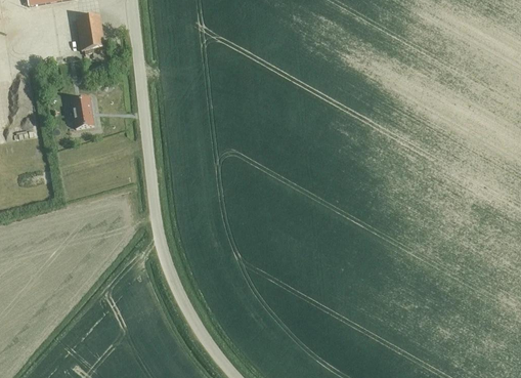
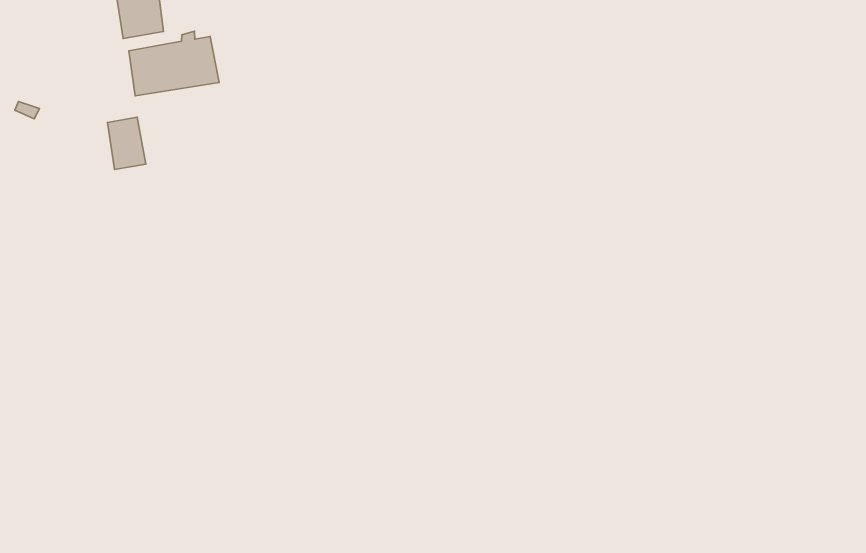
building: none -> [129,31,219,96]

